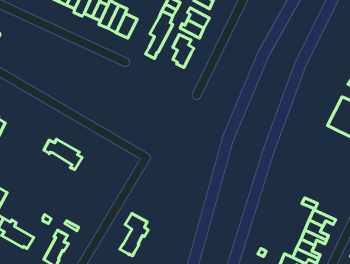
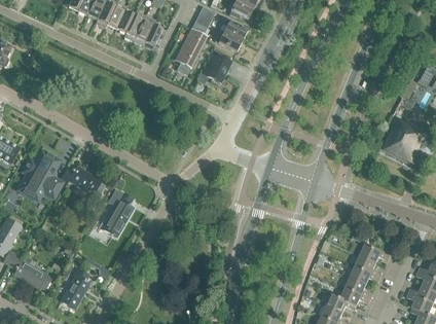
building: none -> [16,147,65,202]
building: [120,214,148,256] -> [101,188,133,236]

